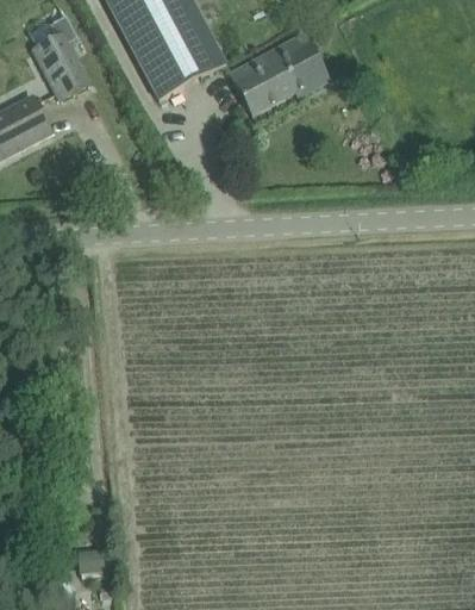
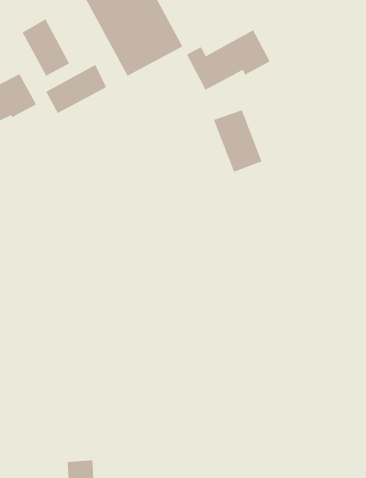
building: none -> [45,64,107,114]
building: none -> [213,109,262,173]

